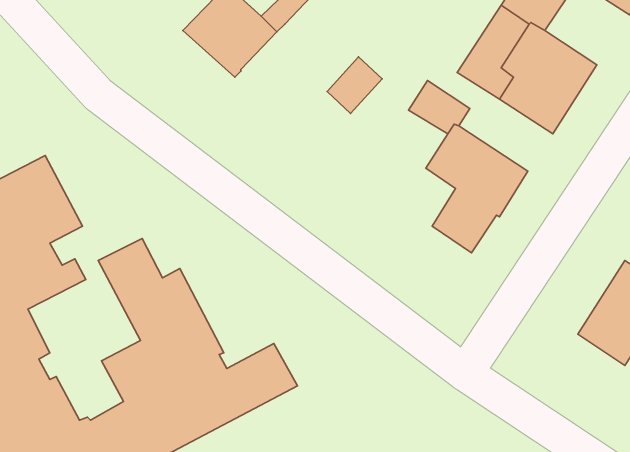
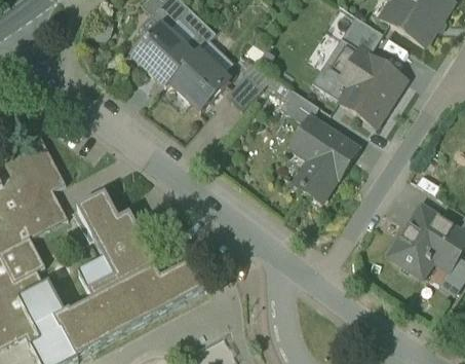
building: none -> [169,50,229,110]

